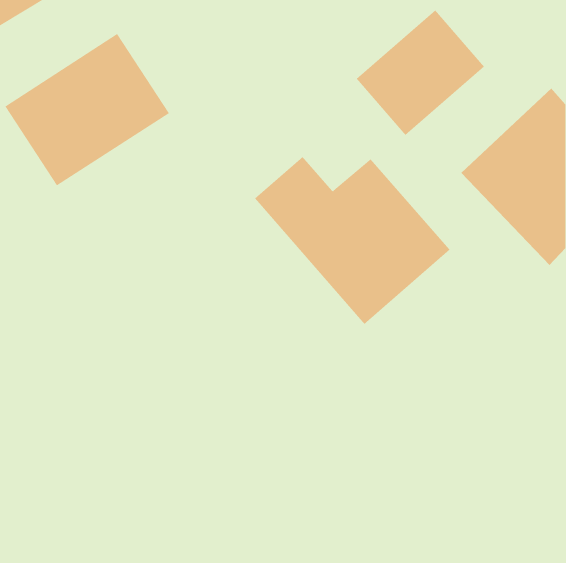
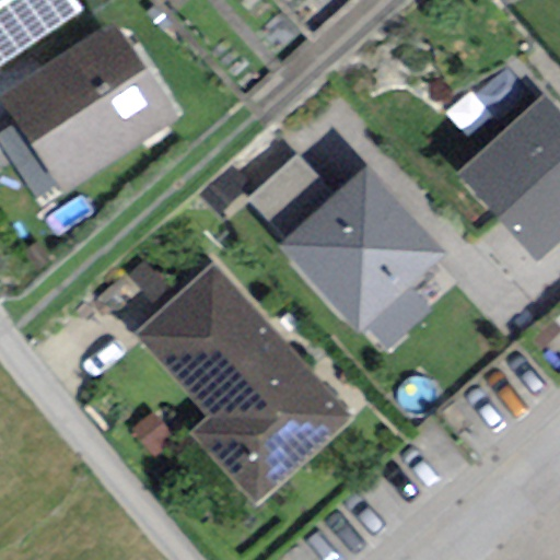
building: [356,10,485,136] -> none
building: none -> [141,276,345,502]

